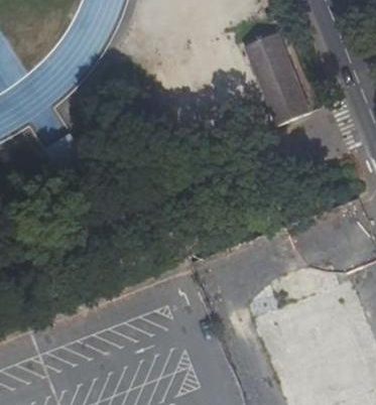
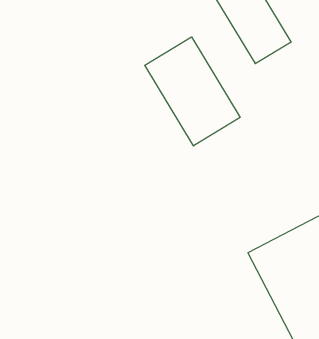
building: none -> [145,37,240,146]

